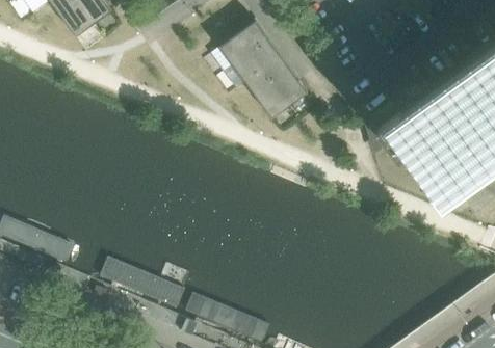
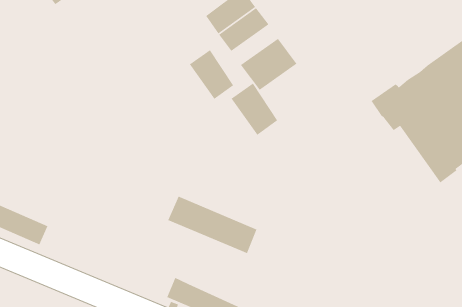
building: none -> [189,49,234,100]
building: none -> [230,82,278,136]
building: [97,257,183,313] -> [167,195,257,254]

